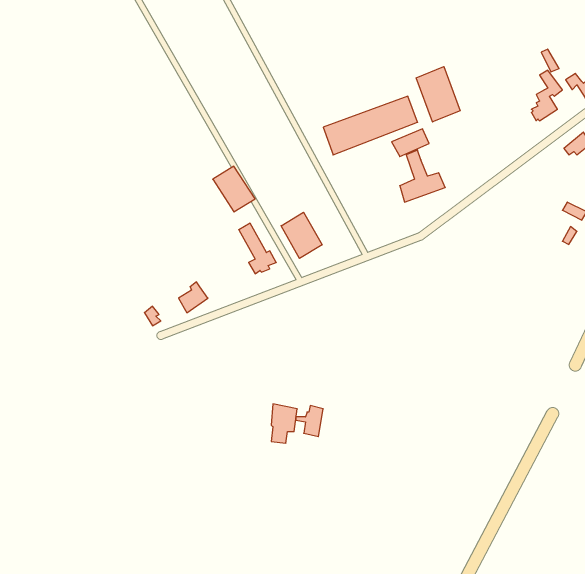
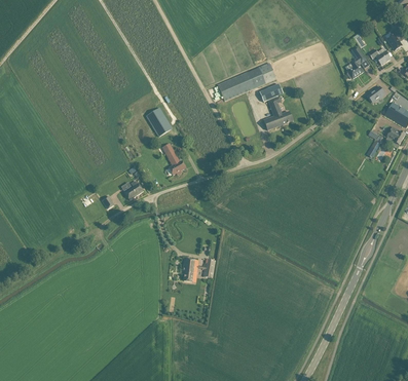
building: [416,67,460,122] -> none
building: [281,212,322,258] -> none

